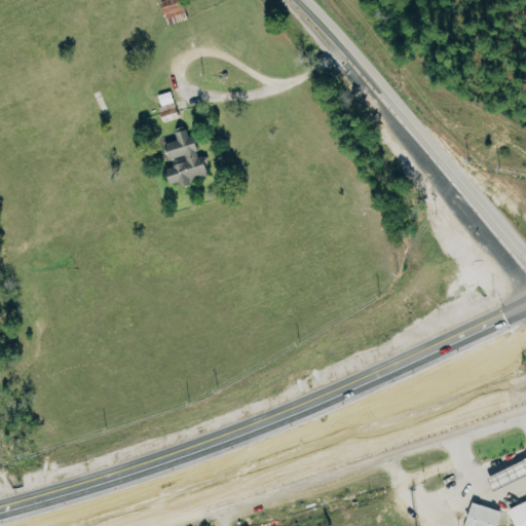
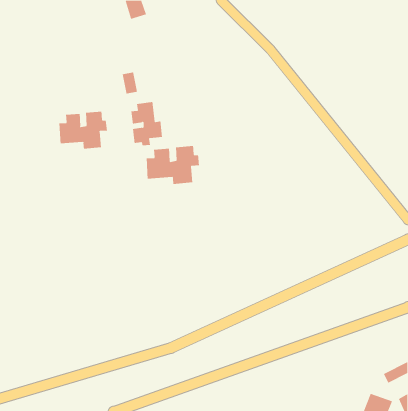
building: none -> [59,111,107,150]
building: none -> [146,145,200,185]

